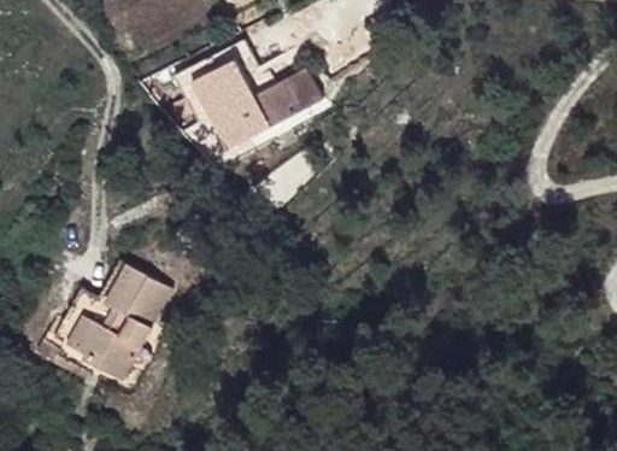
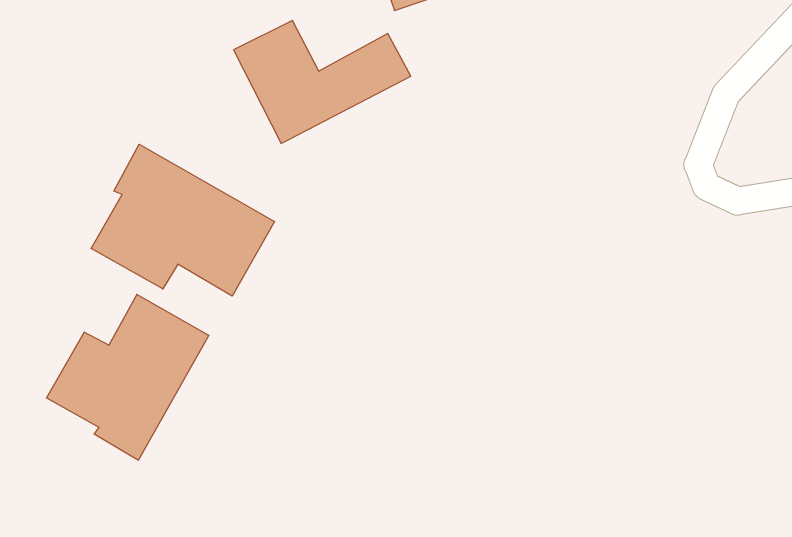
building: none -> [91,144,275,296]

